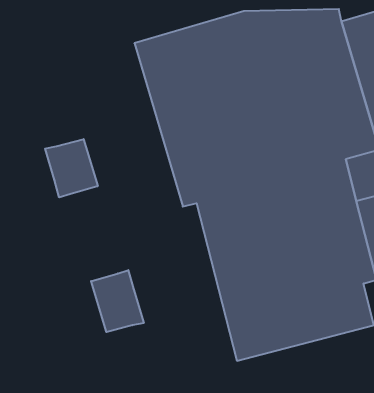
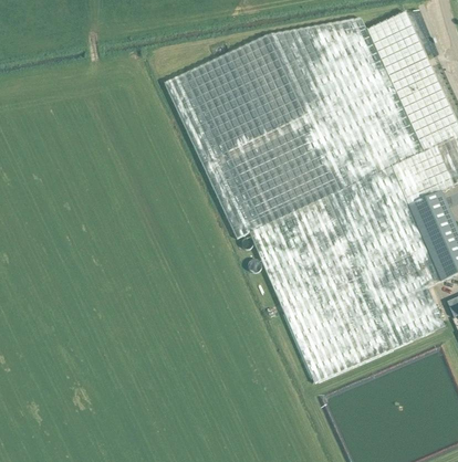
building: [45,139,98,197] -> none
building: [91,270,144,332] -> none

